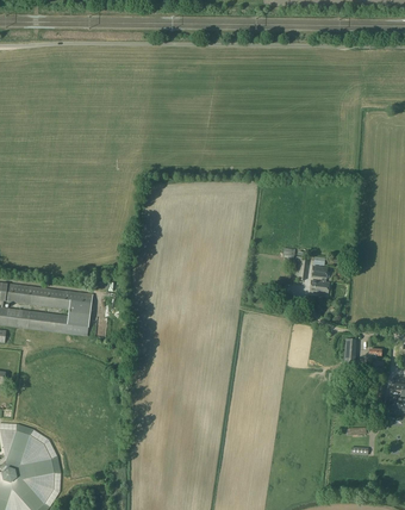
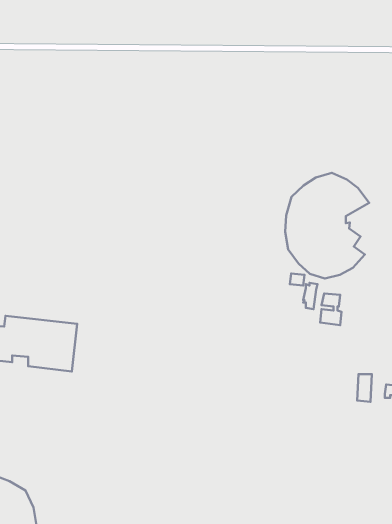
building: none -> [285,173,369,279]

